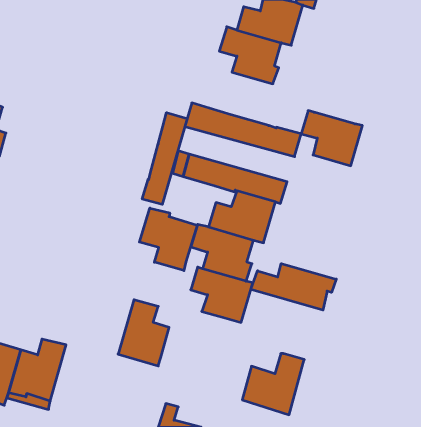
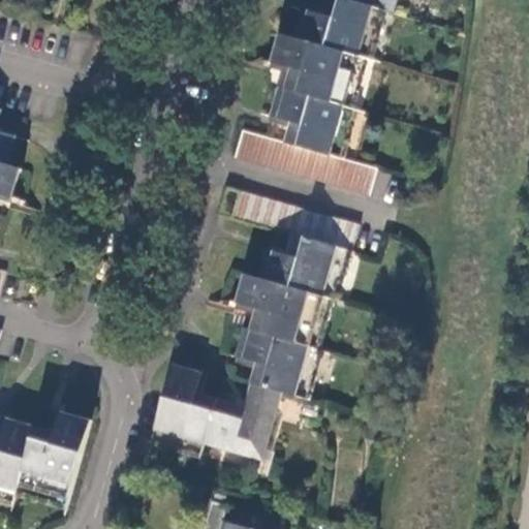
building: [301,111,362,166] -> [271,87,346,155]
building: [142,113,187,204] -> none
building: [139,208,197,271] -> none
building: [251,264,336,310] -> none
building: [242,354,304,415] -> [198,384,275,460]

